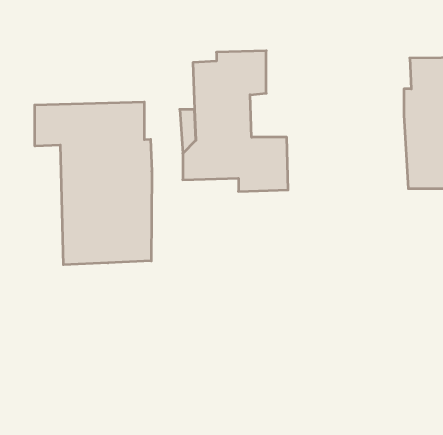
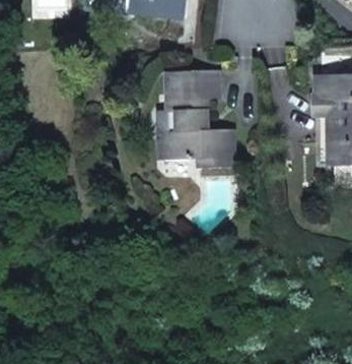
building: [35,102,152,265] -> none

